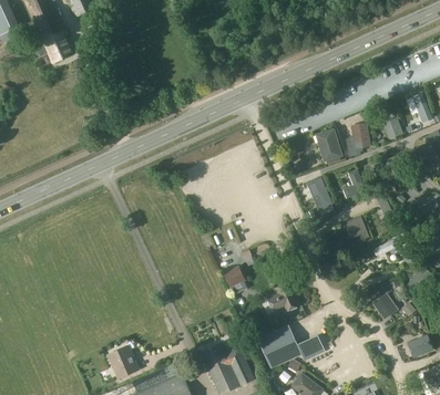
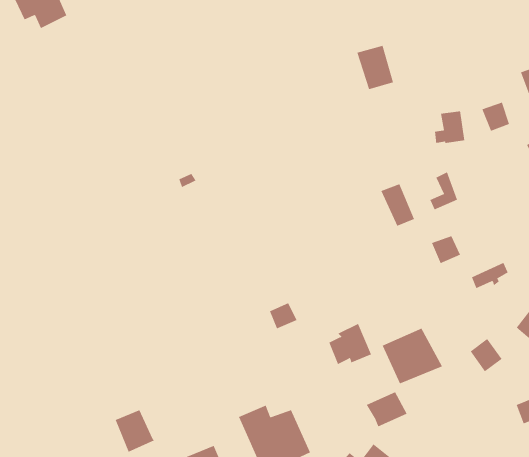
building: [316,129,344,163] -> [357,45,394,90]
building: [257,325,303,367] -> [382,328,443,384]

